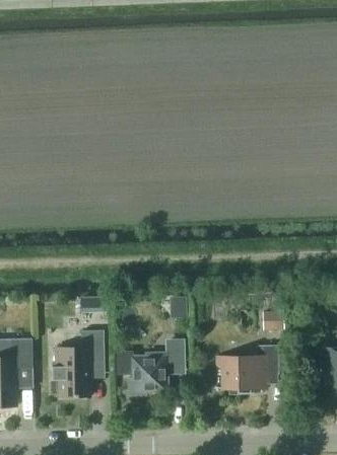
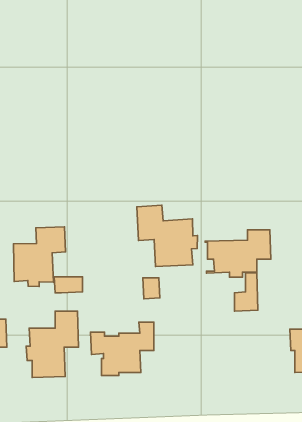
building: none -> [137,205,197,267]
building: none -> [13,227,66,286]
building: [212,346,278,393] -> [205,230,271,277]

